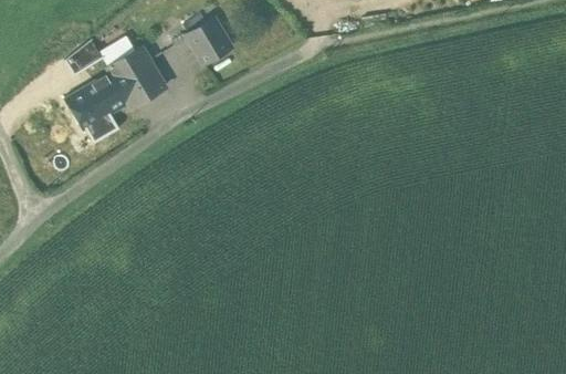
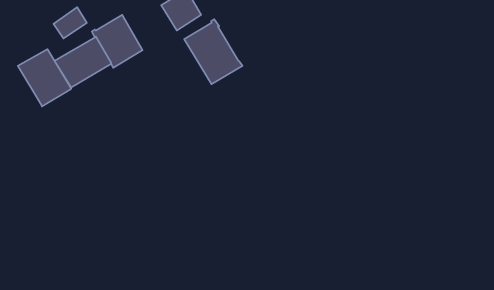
building: none -> [184,19,242,84]
building: none -> [18,49,71,107]

